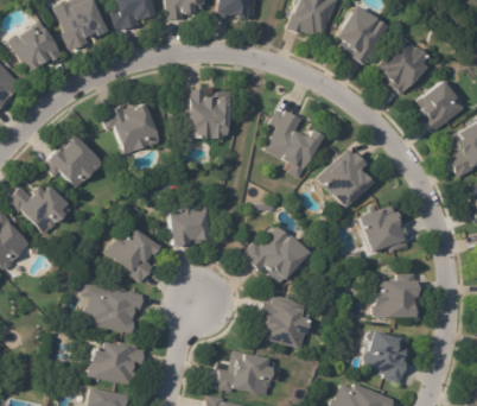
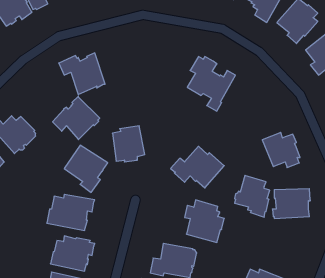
building: [182,88,233,138] -> none
building: [43,135,103,191] -> [53,96,100,140]
building: [316,148,374,207] -> none
building: [364,330,409,383] -> [235,175,270,217]

